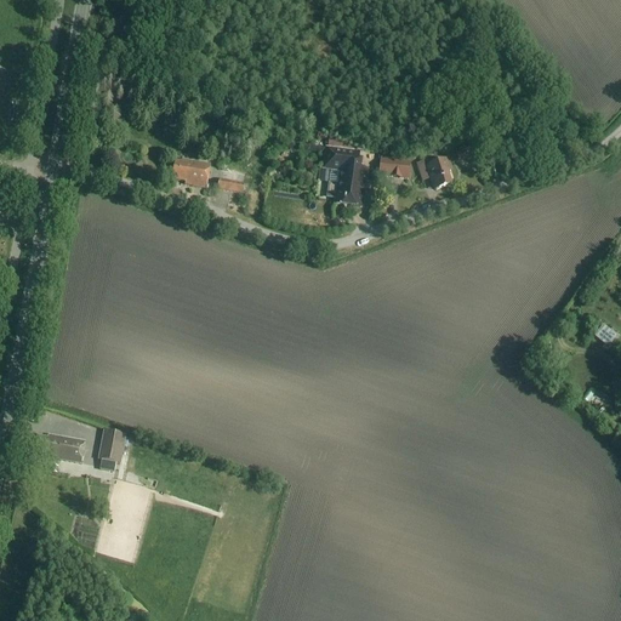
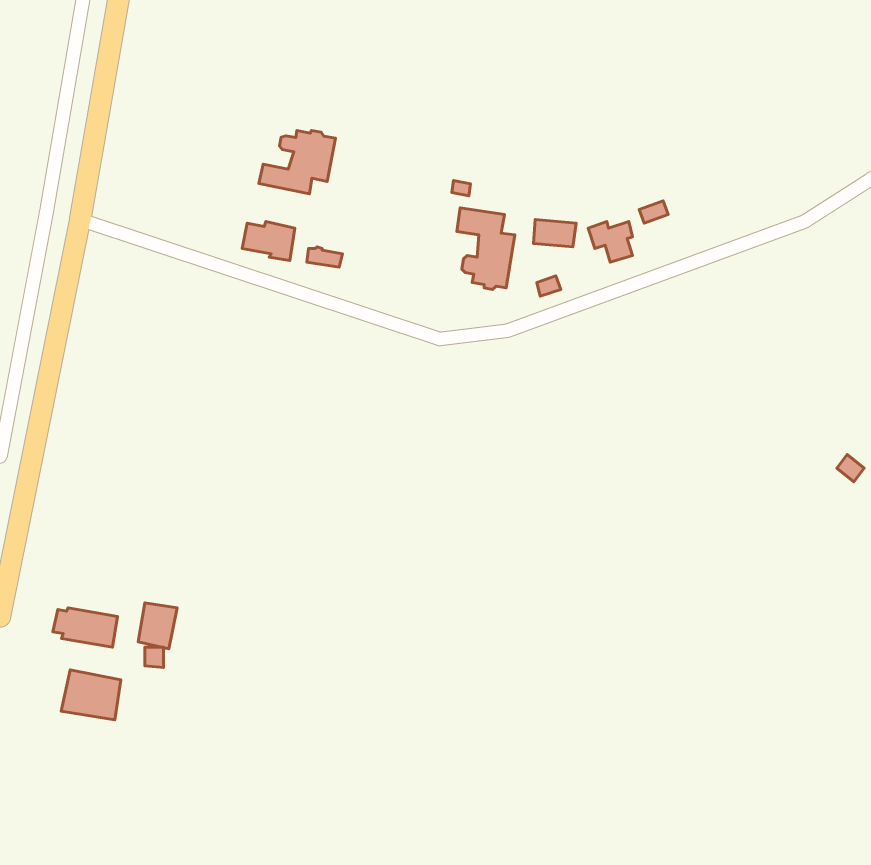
building: none -> [259,130,335,194]
building: none -> [61,670,121,720]

